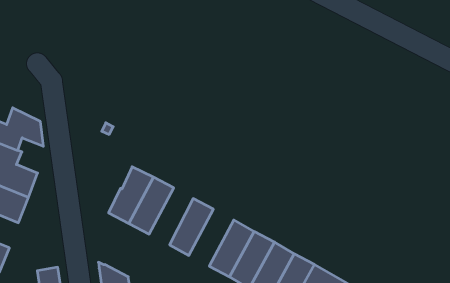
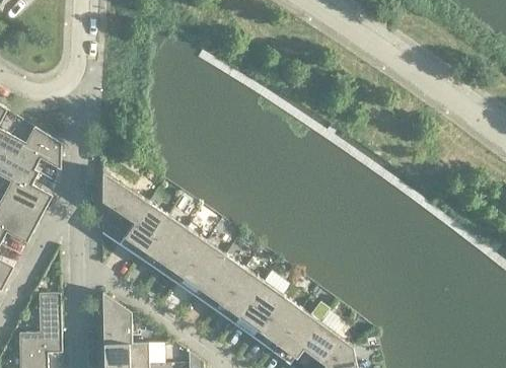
building: none -> [101,171,148,245]
building: none -> [157,228,206,285]
building: none -> [195,254,244,311]

